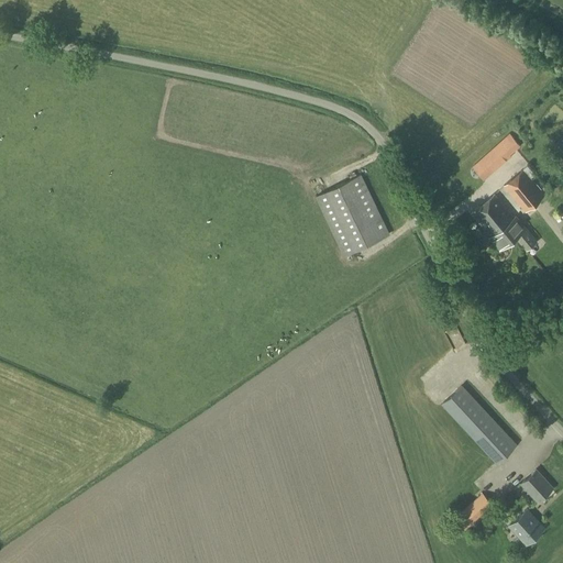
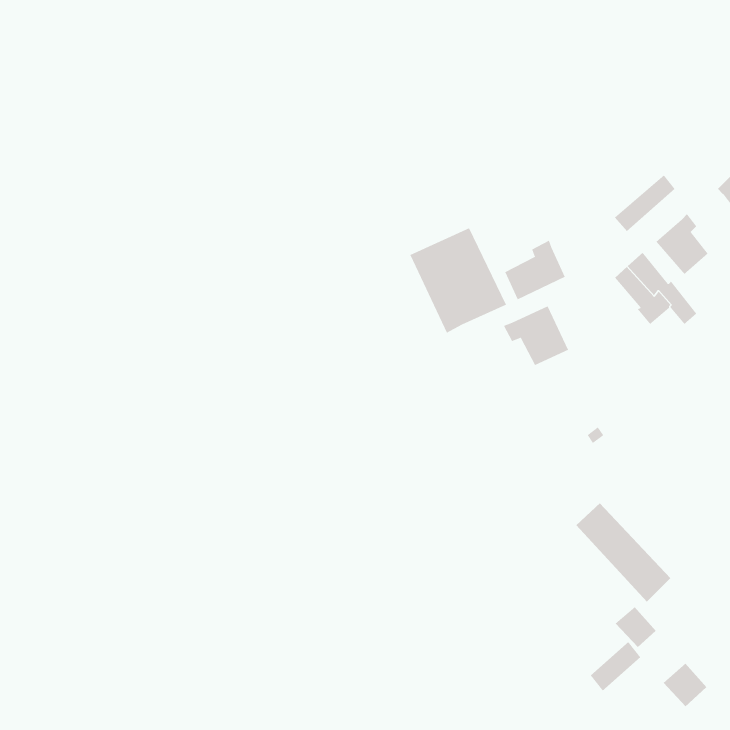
building: none -> [505,240,566,300]
building: none -> [503,306,569,366]
building: [521,471,553,503] -> [615,606,656,648]

